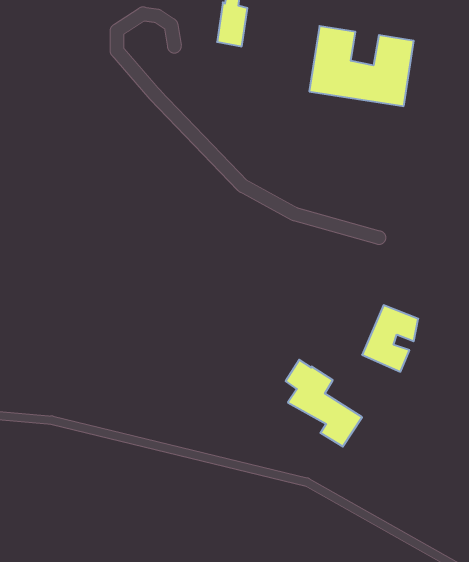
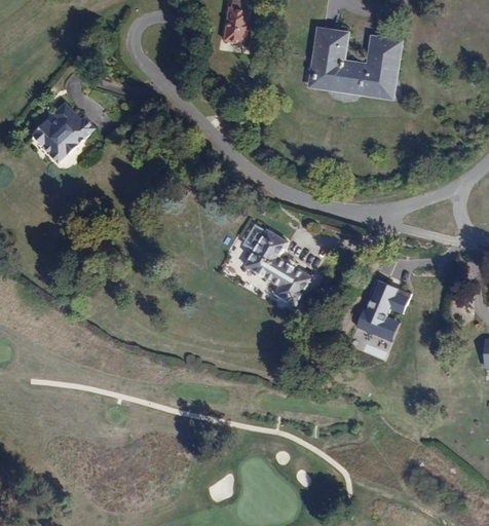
building: none -> [36,101,99,159]
building: [286,360,362,447] -> [241,224,311,303]

